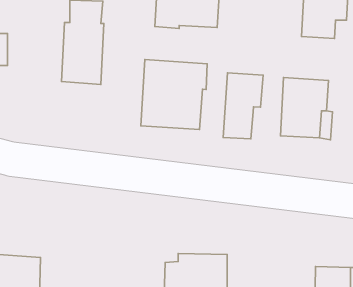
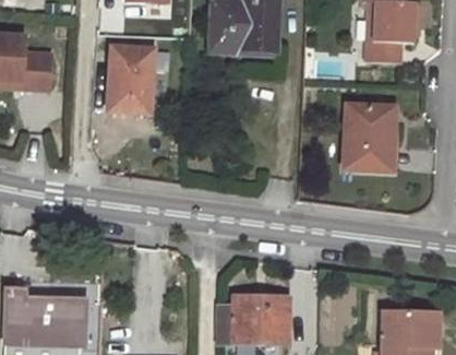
building: [141,60,207,130] -> none
building: [223,73,263,139] -> none

